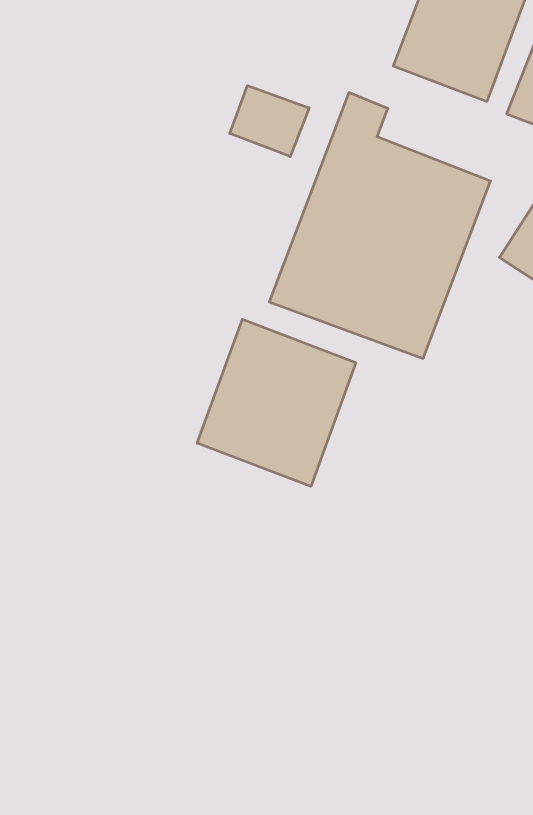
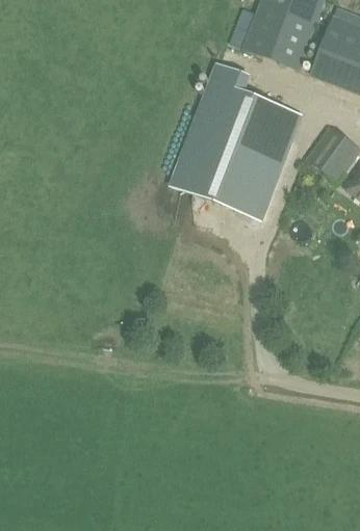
building: [230,86,309,157] -> none
building: [197,319,356,486] -> none

